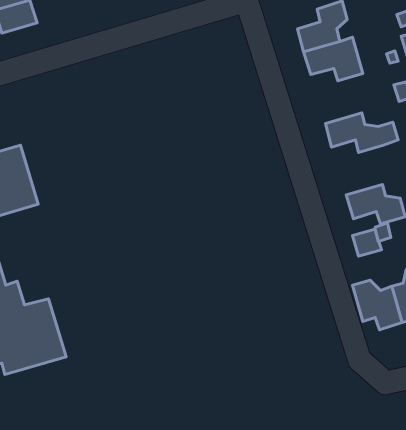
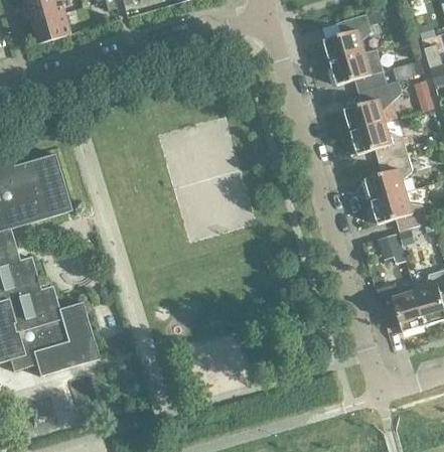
building: none -> [343,79,402,131]
building: none -> [364,152,413,200]

